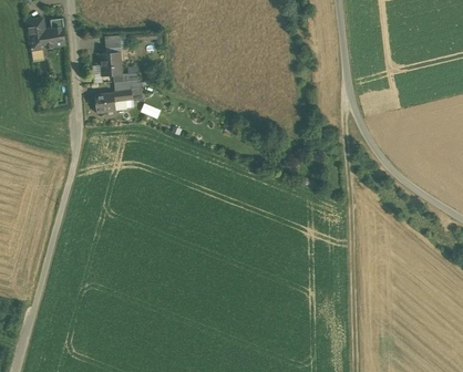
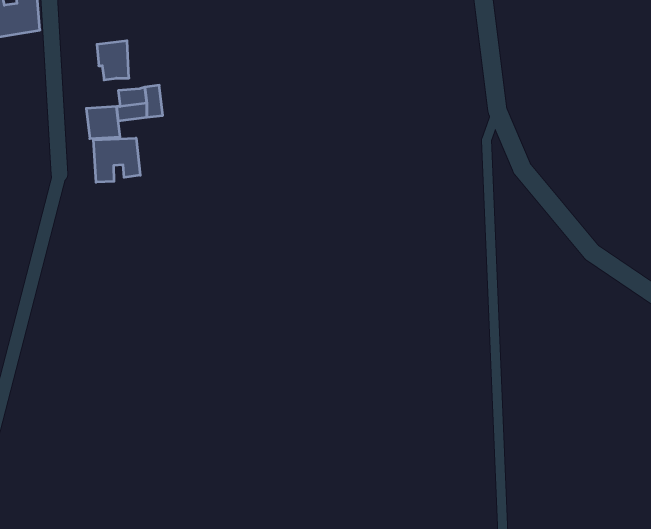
building: none -> [94,138,140,182]

